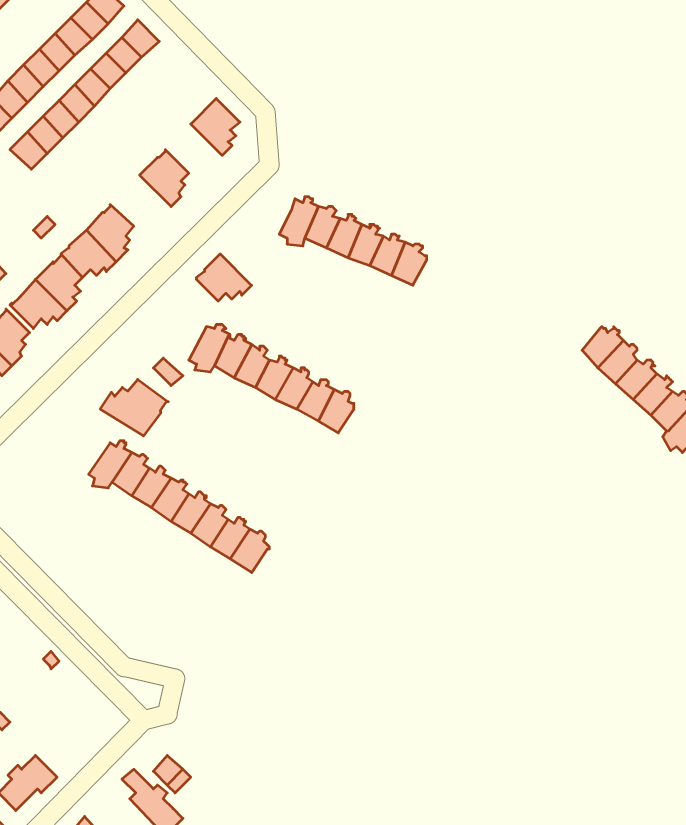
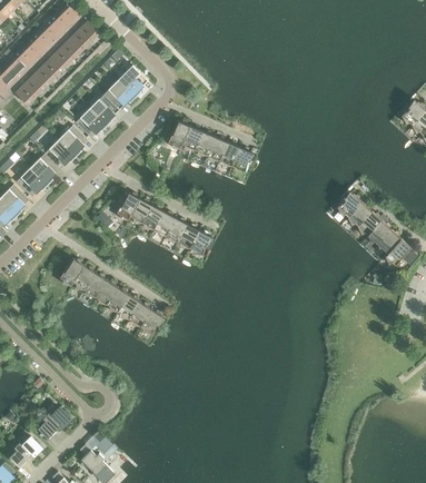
building: none -> [102,80,135,108]
building: [196,254,252,301] -> [75,109,106,136]
building: [100,379,168,436] -> none
building: none -> [37,408,70,440]

